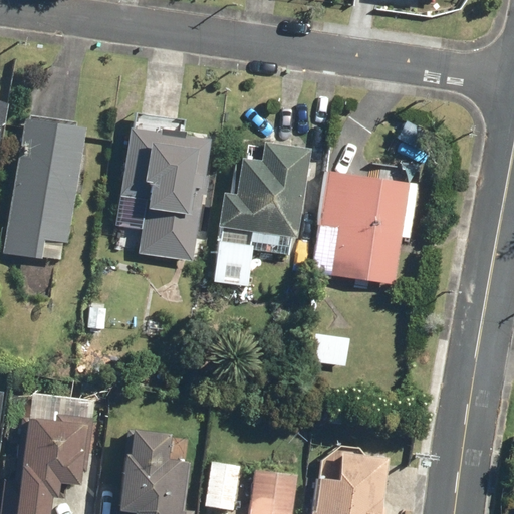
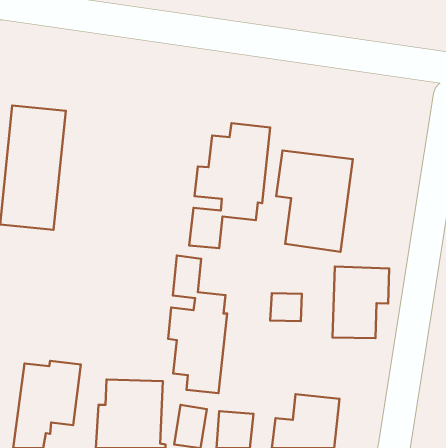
building: [117,130,206,261] -> none
building: none -> [168,256,227,393]
building: none -> [333,266,389,338]

